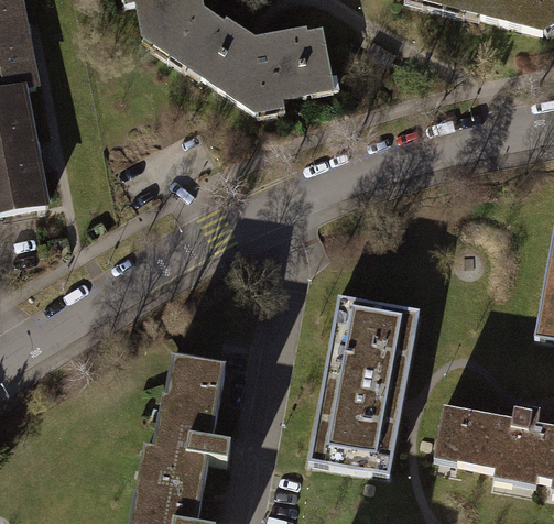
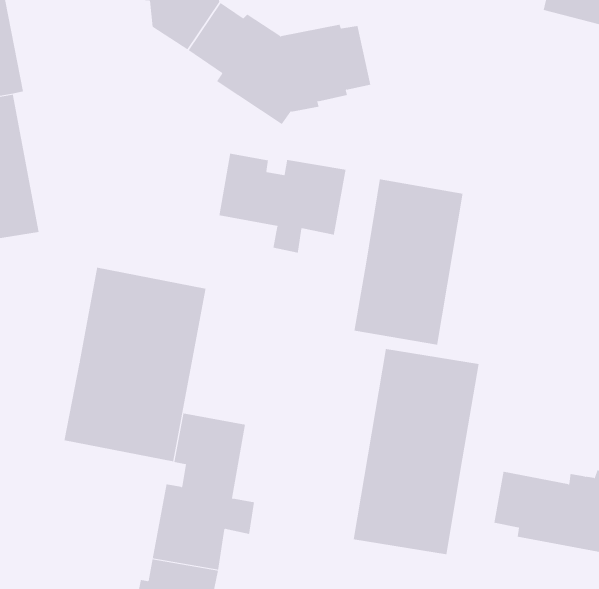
building: none -> [219,153,346,253]
building: none -> [354,179,463,346]
building: none -> [64,267,206,462]

